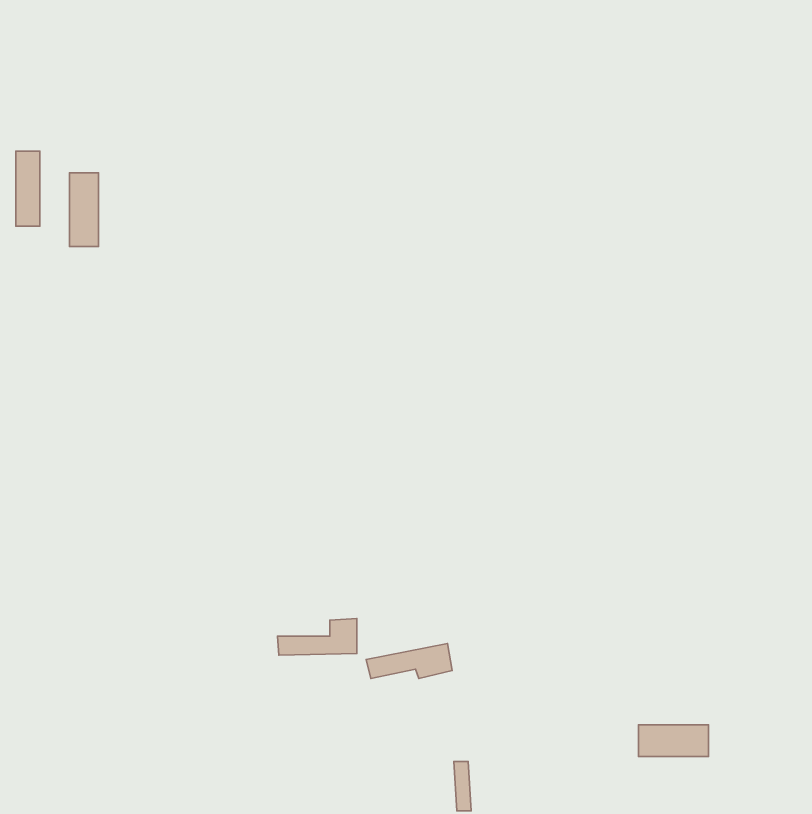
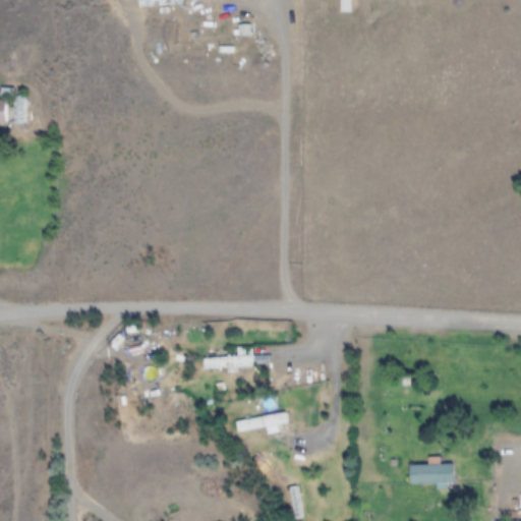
building: [69,173,98,246] -> none
building: [277,619,357,655] -> [201,346,252,369]

